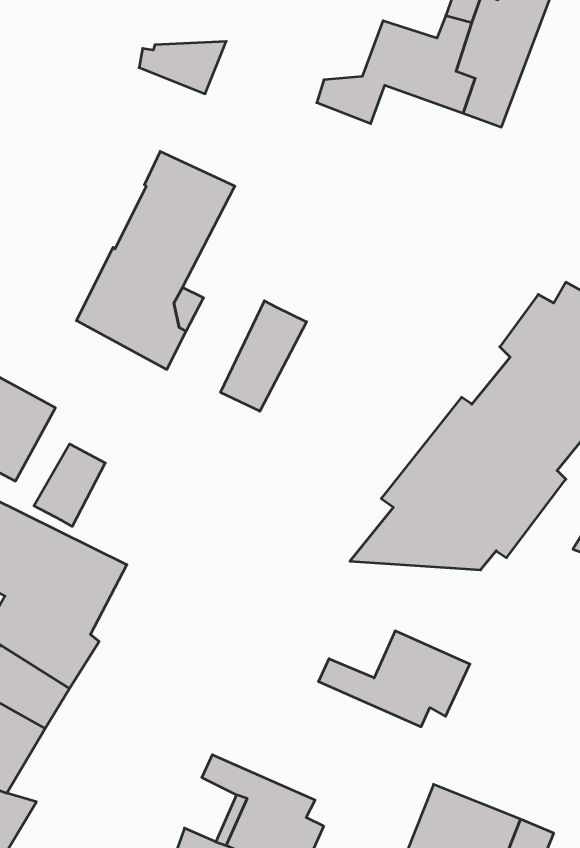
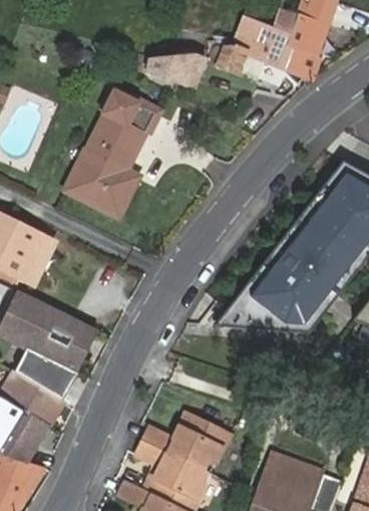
building: [139,41,226,94] -> [145,55,196,85]
building: [221,301,307,411] -> none
building: [34,444,105,526] -> none
building: [318,631,470,727] -> [144,410,232,465]

